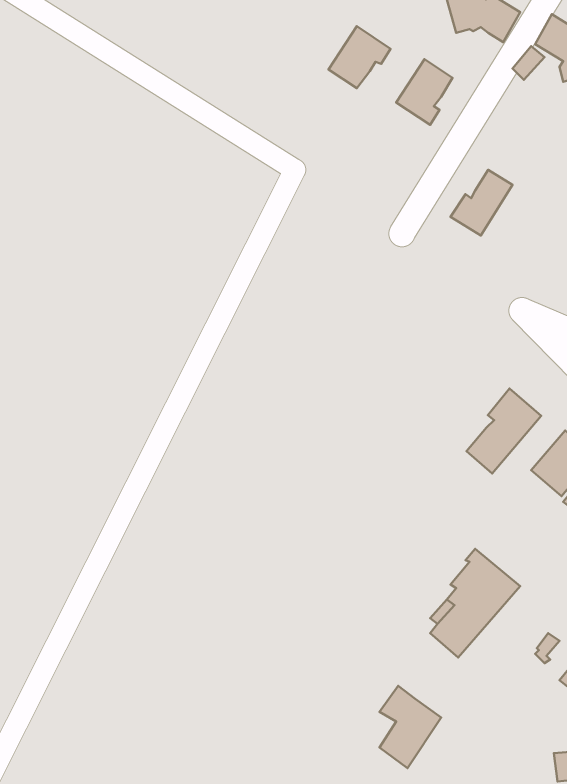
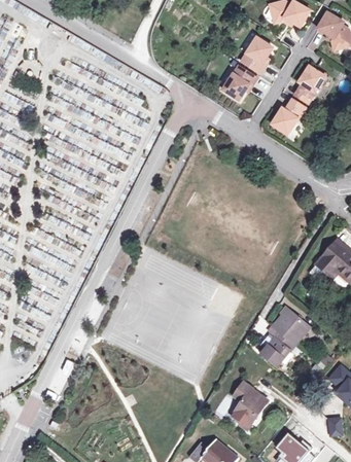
building: [329,26,391,88] -> [223,66,257,100]
building: none -> [295,67,325,104]
building: [467,389,541,473] -> none

